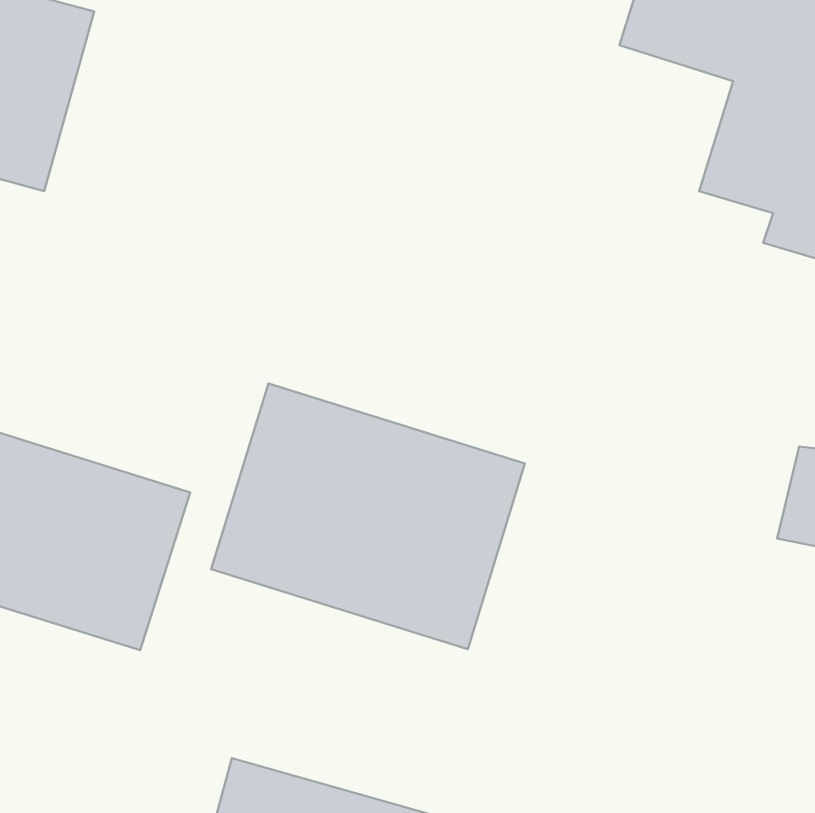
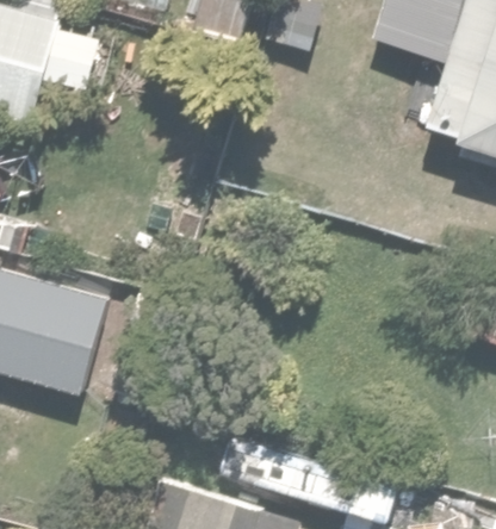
building: [211,383,525,649] -> none

